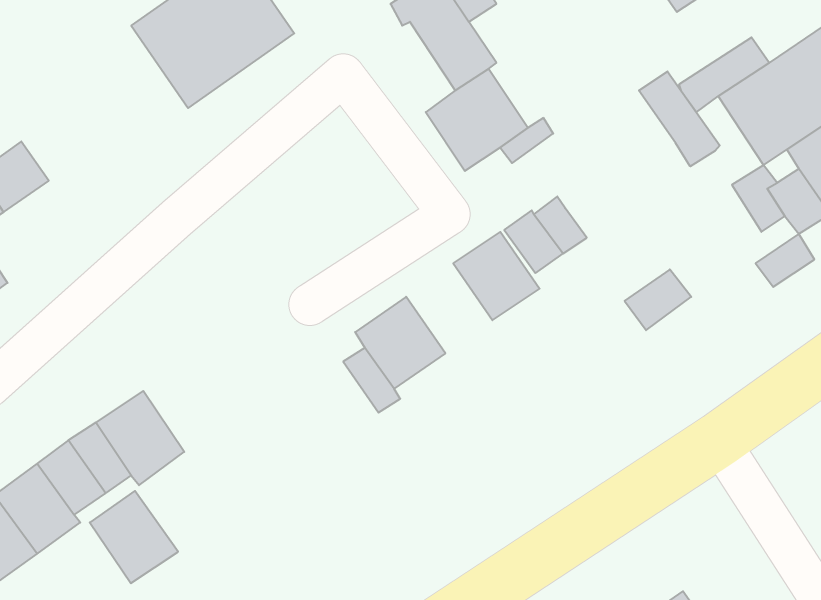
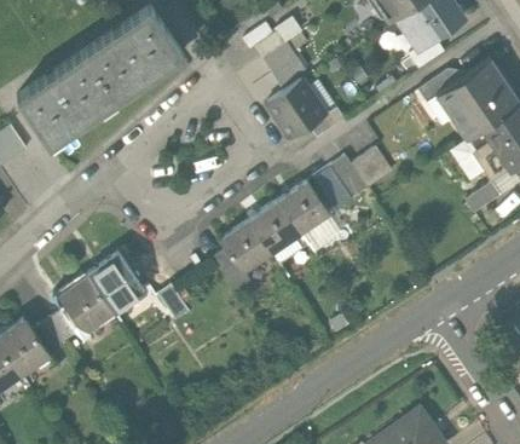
building: none -> [16,52,117,149]
building: [639,71,720,166] -> none
building: none -> [252,198,305,254]
building: [625,269,691,330] -> [349,145,391,183]
building: [90,491,178,583] -> [89,258,144,315]

